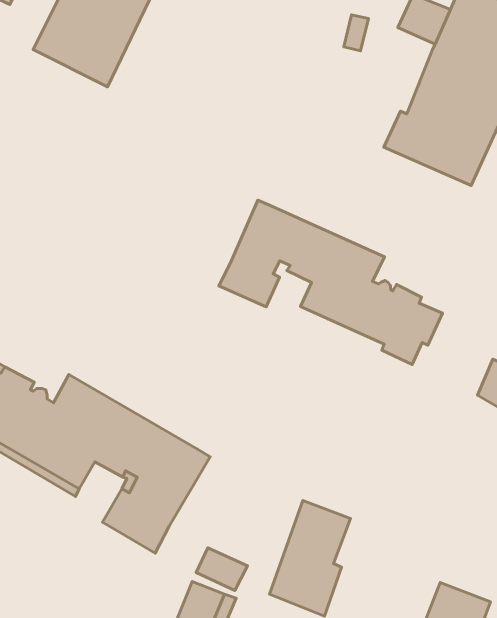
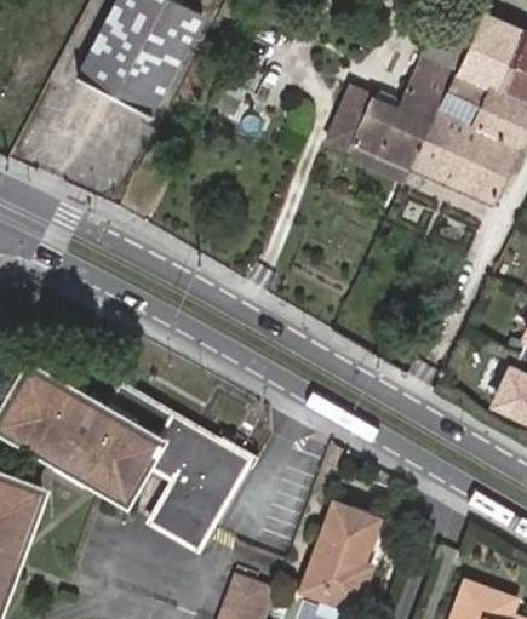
building: none -> [327,62,457,170]
building: [219,200,442,364] -> none

